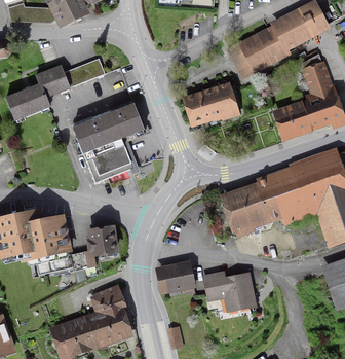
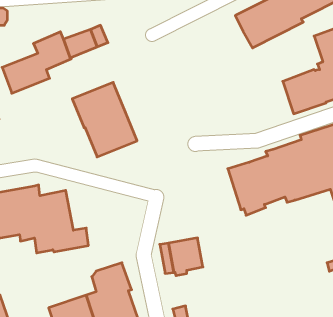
building: [182,80,240,127] -> none
building: [111,103,145,139] -> none
building: [85,224,120,267] -> none
building: [202,268,257,311] -> none

